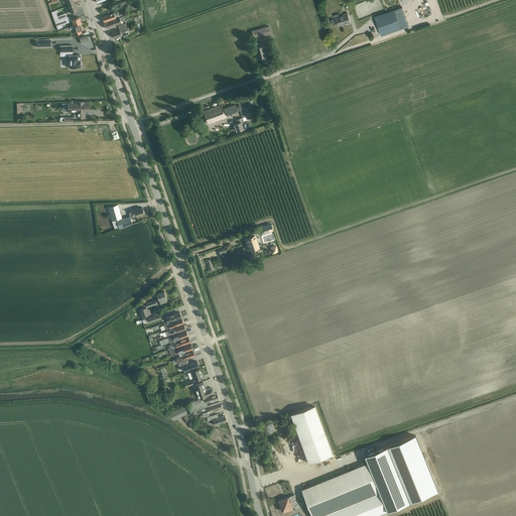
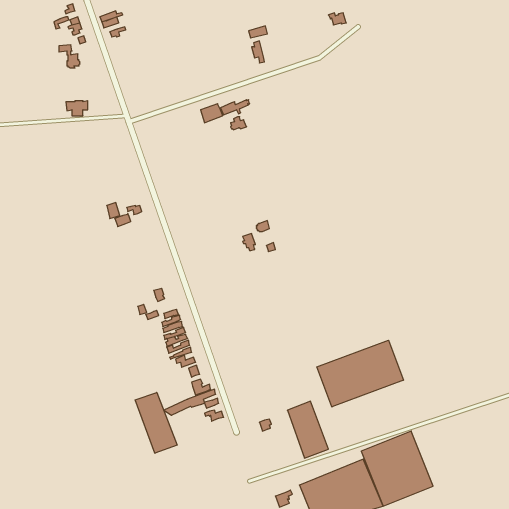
building: [374,11,400,36] -> none
building: none -> [317,340,403,407]
building: none -> [135,392,177,453]

